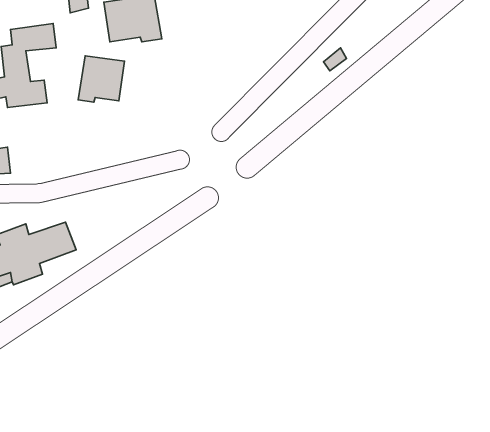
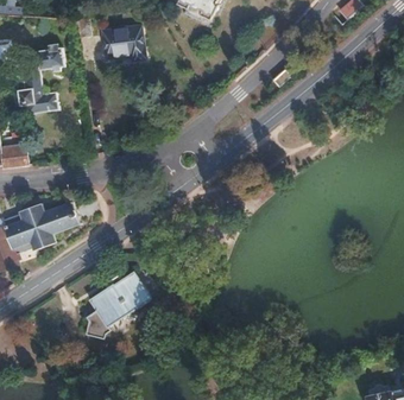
building: [78,56,125,102] -> none
building: none -> [86,271,151,338]

